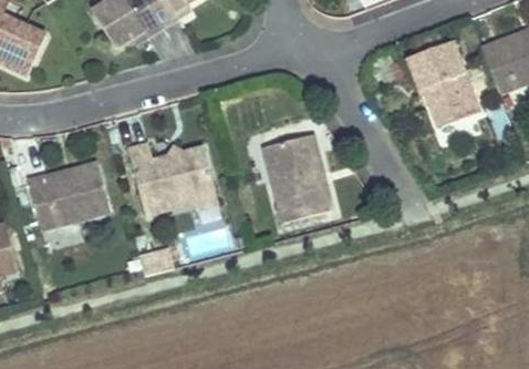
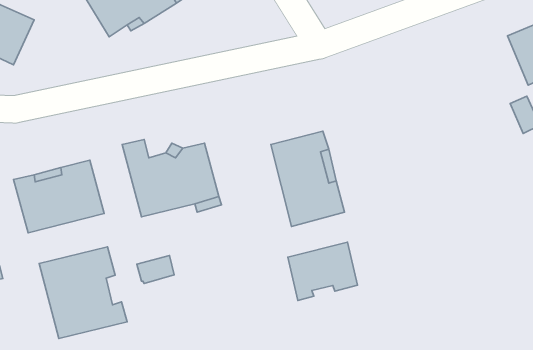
building: [407,39,479,126] -> none
building: none -> [288,242,357,300]
building: none -> [39,247,127,339]

